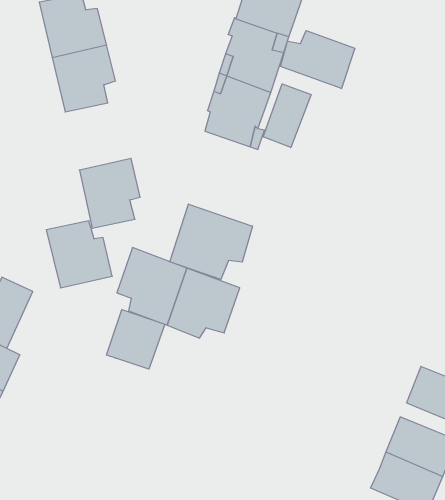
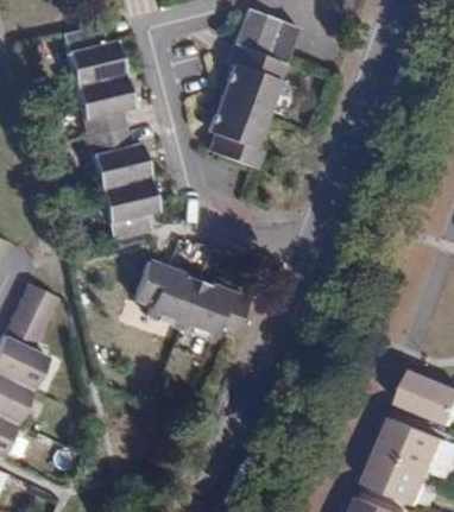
building: [280,31,355,89] -> none
building: [263,84,311,148] -> none
building: [170,204,253,279] -> none
building: [46,221,112,288] -> [84,126,145,188]
building: [107,310,165,369] -> none

